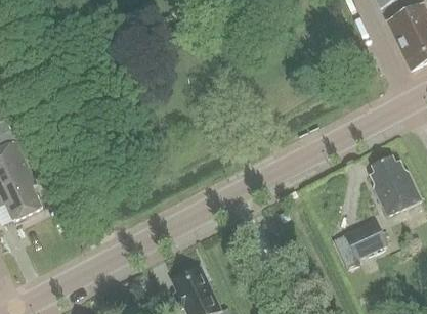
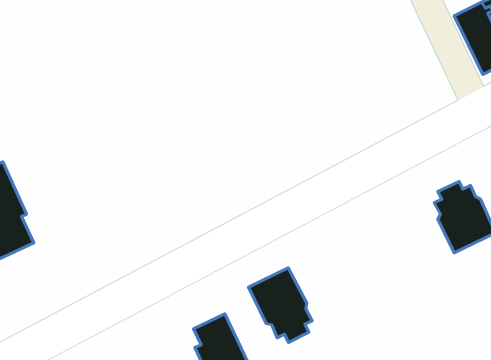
building: [340,217,384,258] -> none
building: none -> [249,268,312,342]

